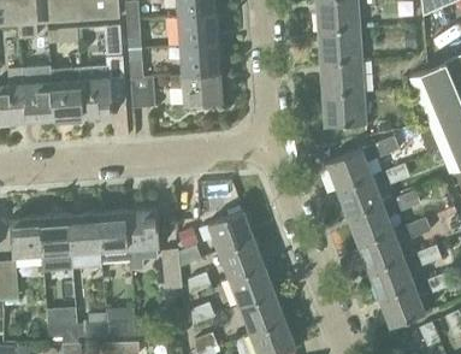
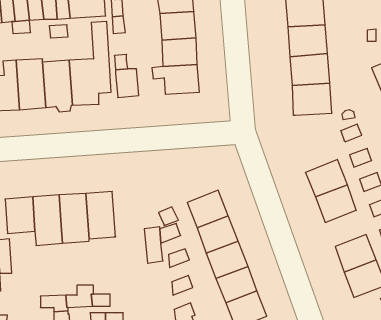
building: [327,151,372,190] -> none
building: [126,210,159,271] -> none
building: [359,232,403,272] -> none

